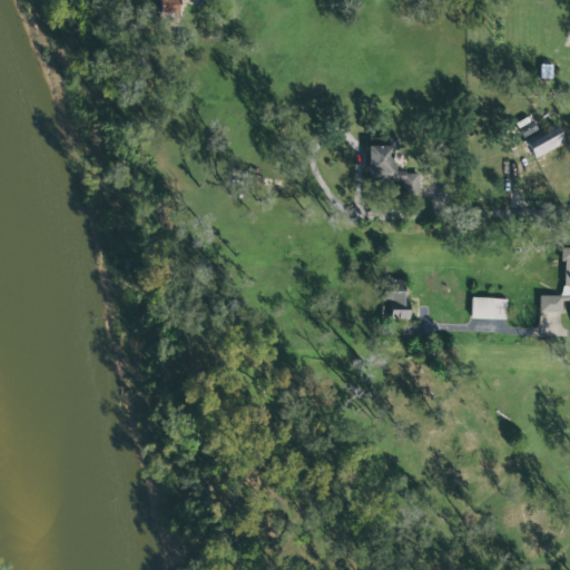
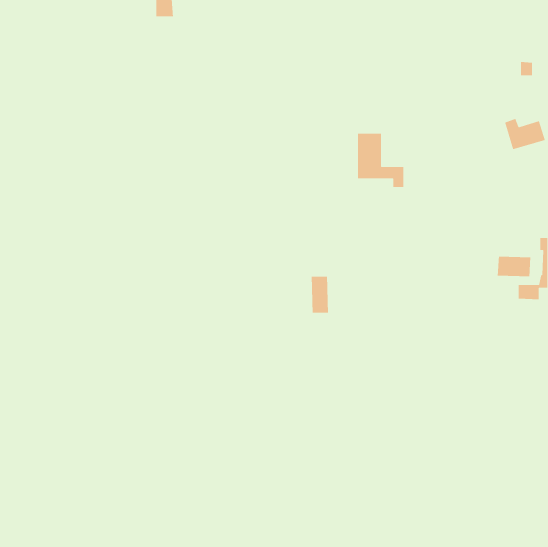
building: [391,281,410,320] -> [311,276,329,313]
building: [472,297,508,320] -> [497,256,531,277]

